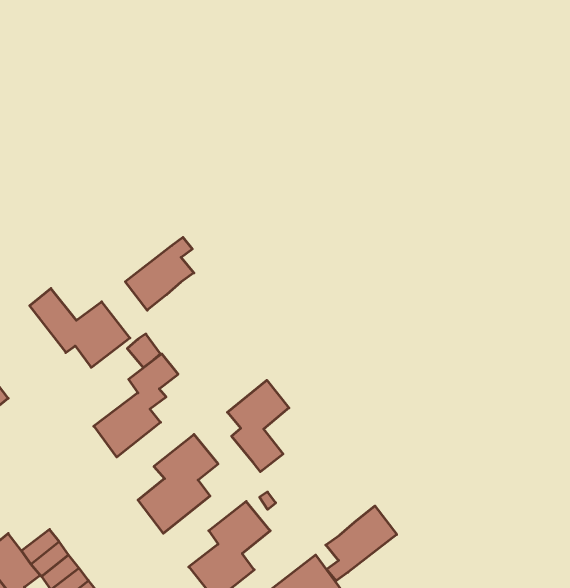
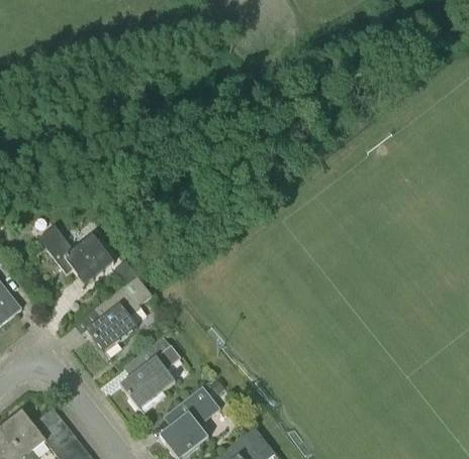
building: [125,237,194,310] -> none
building: [227,380,289,472] -> none
building: [326,506,397,581] -> none

